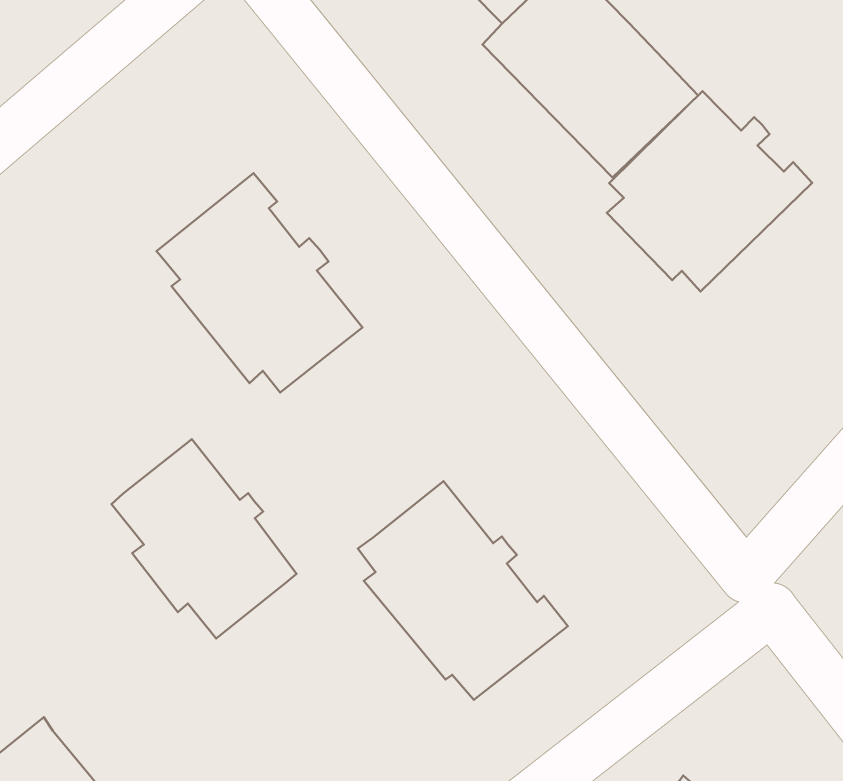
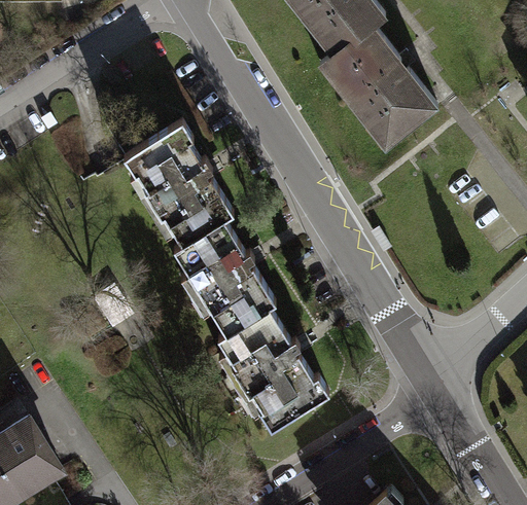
building: [607,91,812,291] -> none
building: [112,439,296,639] -> [176,222,275,335]

